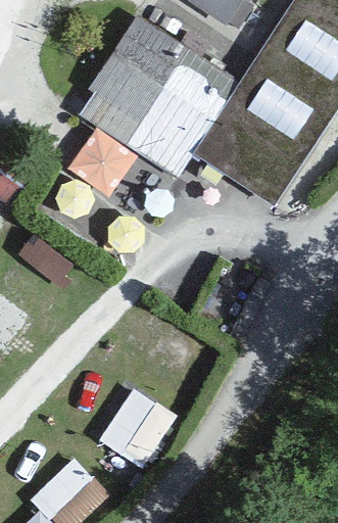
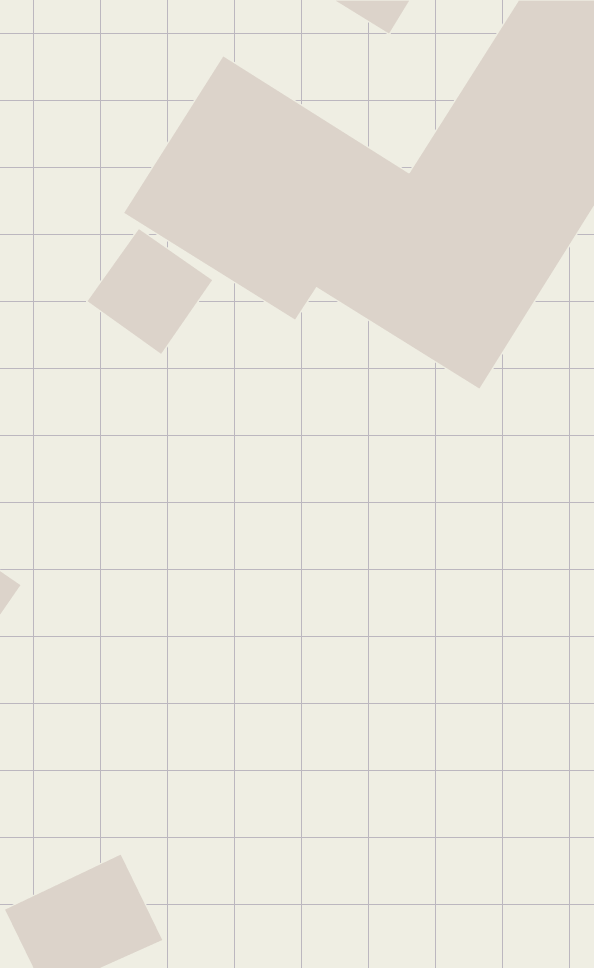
building: [89,383,177,482] -> none

